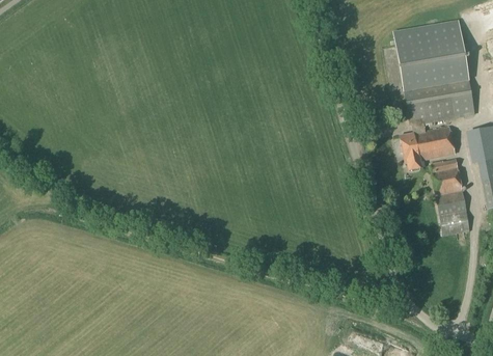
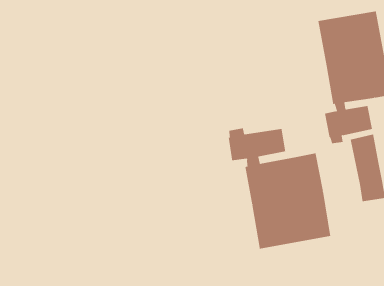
building: none -> [228,127,331,250]

